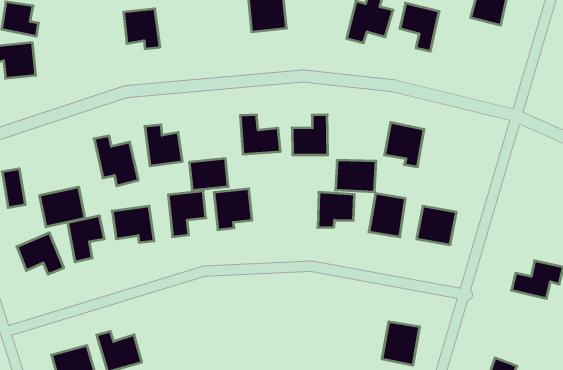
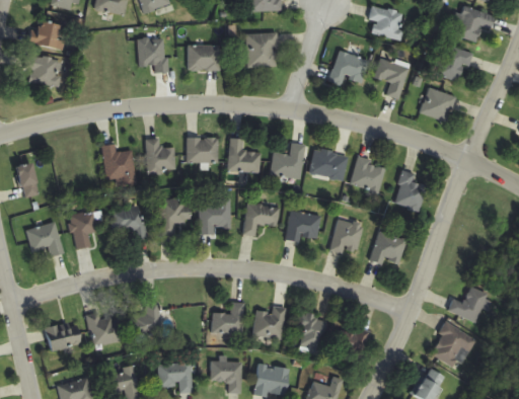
building: none -> [188,44,219,69]
building: none -> [420,86,456,122]
building: none -> [394,169,427,210]
building: [189,159,228,190] -> [187,137,218,161]
building: [335,160,376,192] -> [310,149,348,179]
building: [40,187,85,227] -> none
building: none -> [244,203,279,235]
building: none -> [429,322,475,370]
building: none -> [213,302,243,332]
building: none -> [254,306,285,337]
building: none -> [294,312,327,353]
building: none -> [130,302,160,334]

